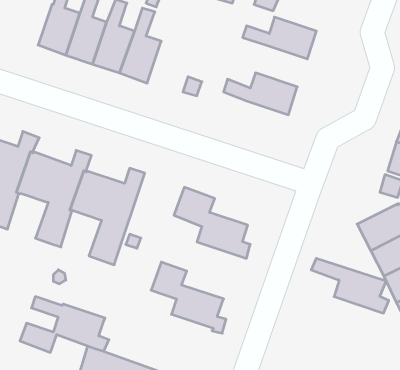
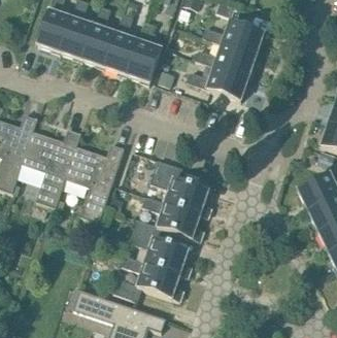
building: none -> [127,22,162,83]
building: none -> [196,44,257,78]
building: [311,258,389,313] -> [140,197,203,241]
building: [20,297,109,352] -> [111,257,183,302]

